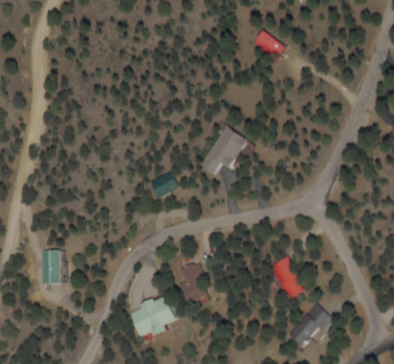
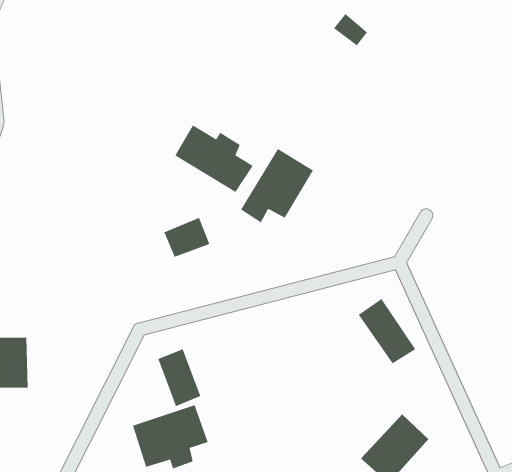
building: none -> [175,125,254,193]
building: [265,257,304,301] -> [358,298,416,364]
building: [176,261,205,300] -> [158,348,201,407]

